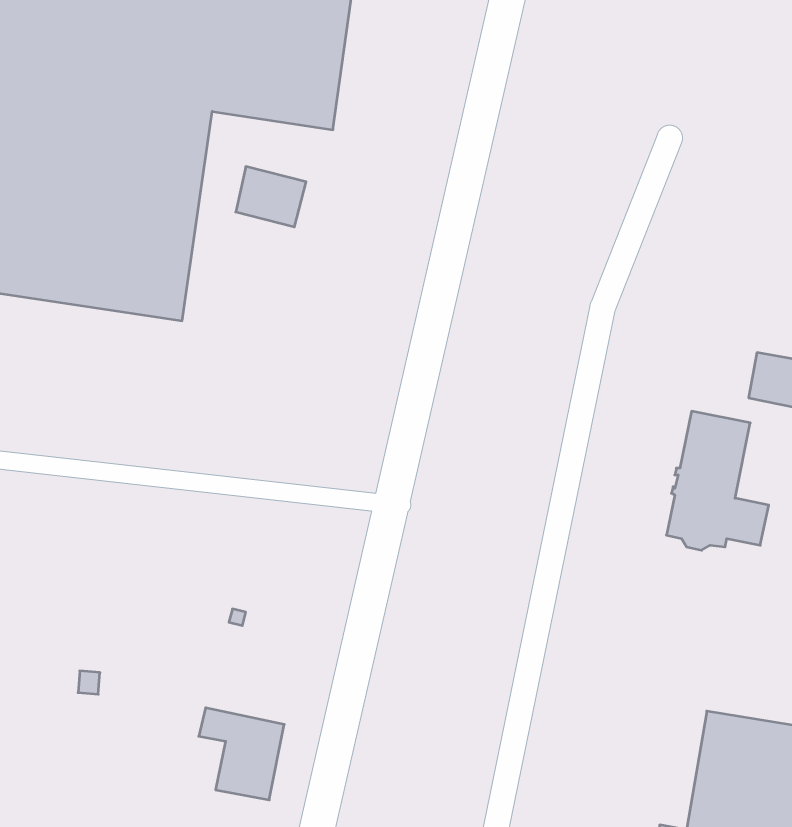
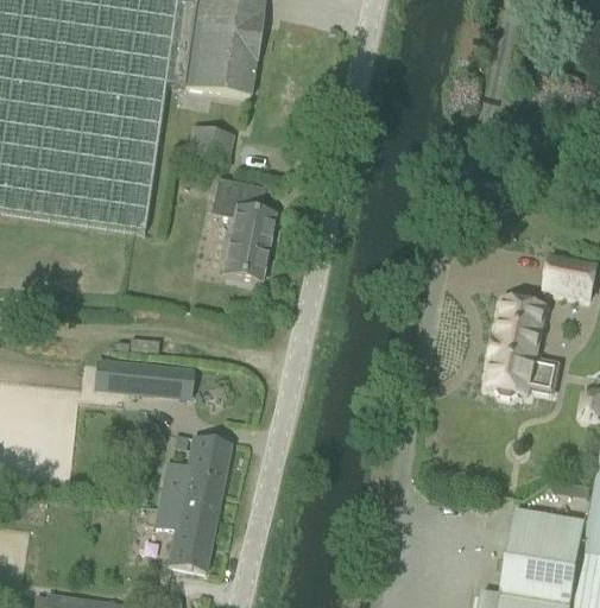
building: none -> [210,178,274,280]
building: none -> [94,361,191,397]
building: none -> [159,436,230,518]

